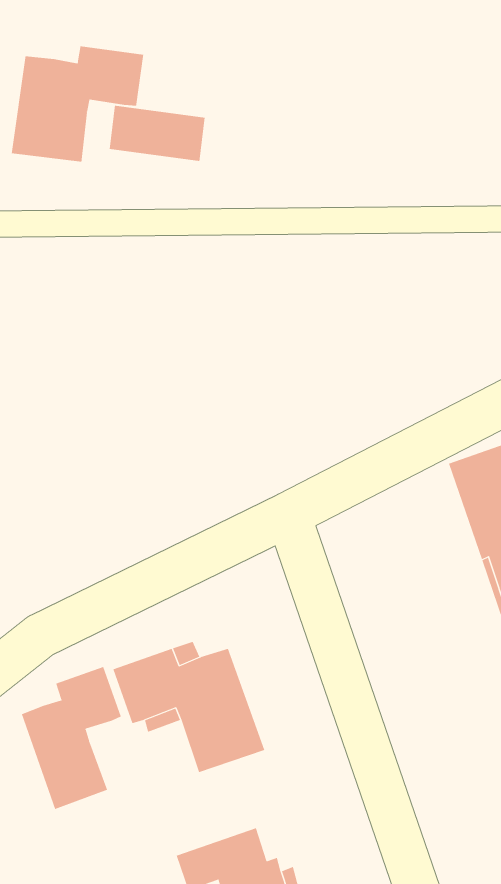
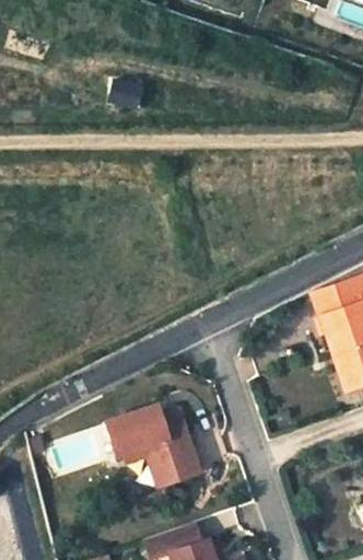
building: [11,46,144,163] -> none
building: [21,666,122,810] -> none

